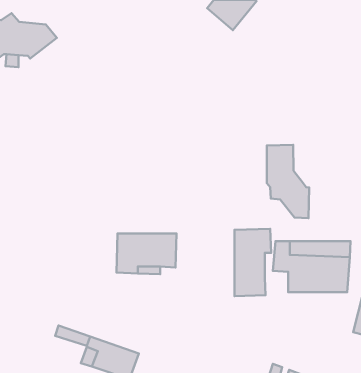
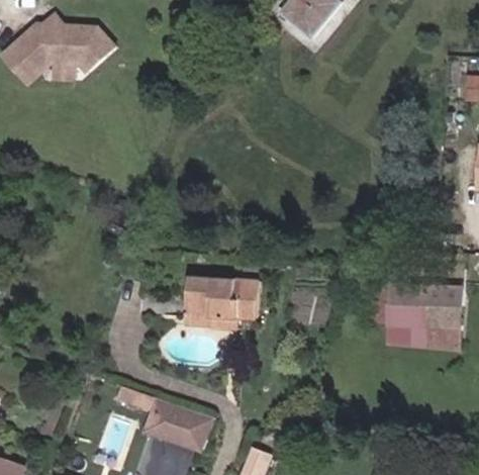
building: [267,145,309,218] -> none
building: [235,229,271,296] -> none

